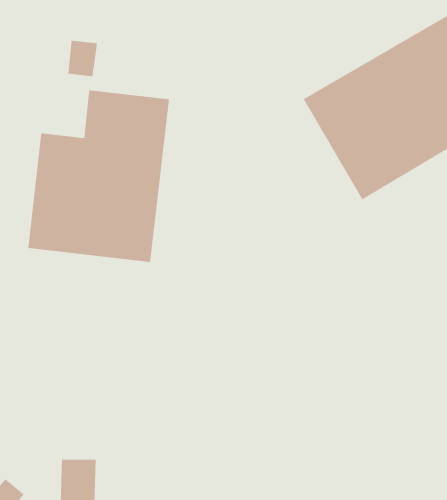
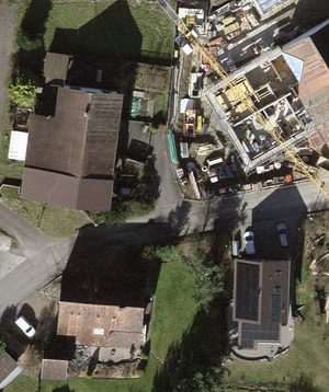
building: none -> [234,258,288,350]
building: none -> [60,273,146,342]

